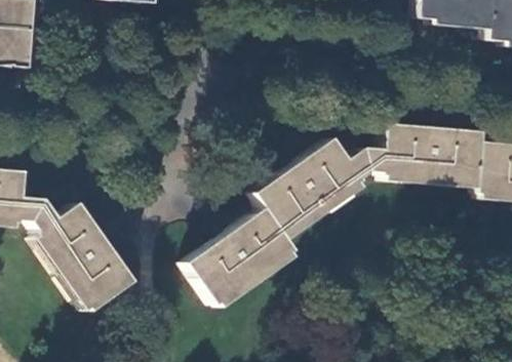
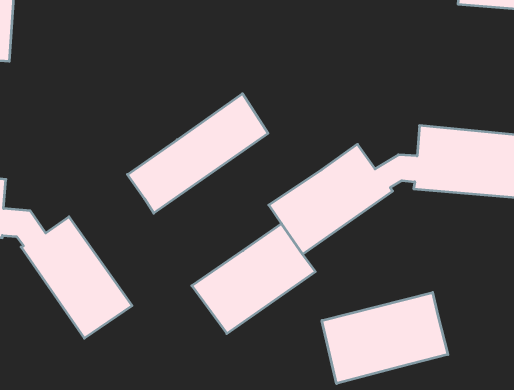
building: none -> [127,94,268,213]
building: none -> [322,292,448,384]

